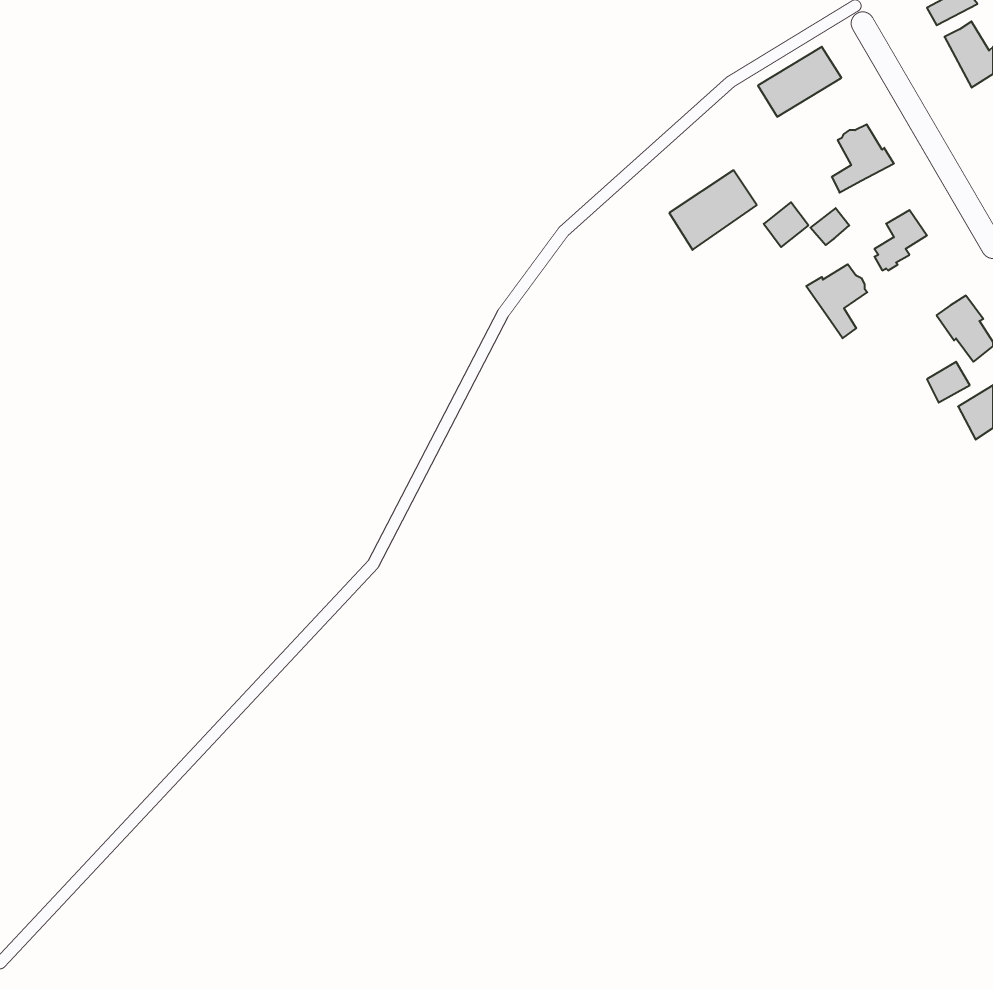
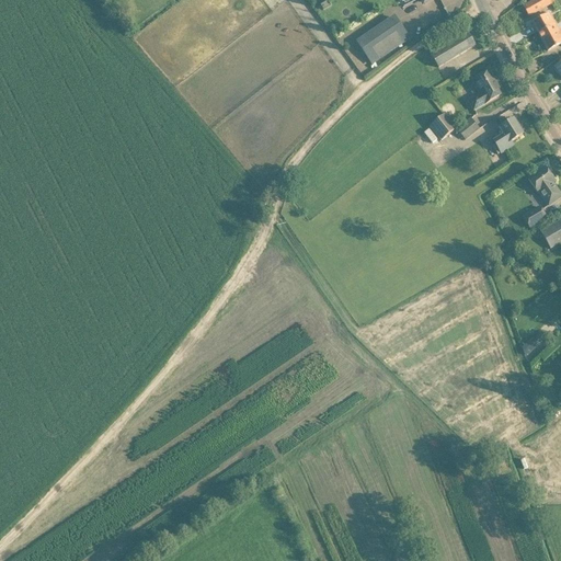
building: [669,170,757,250] -> [358,16,408,61]
building: [806,264,867,338] -> none

